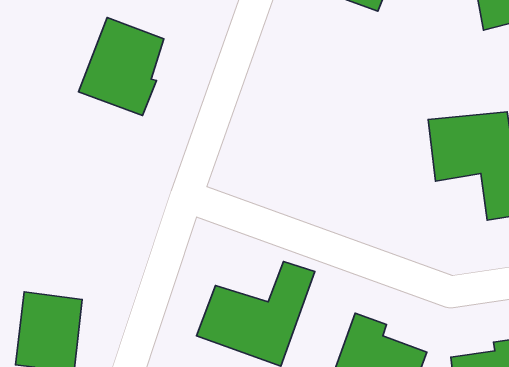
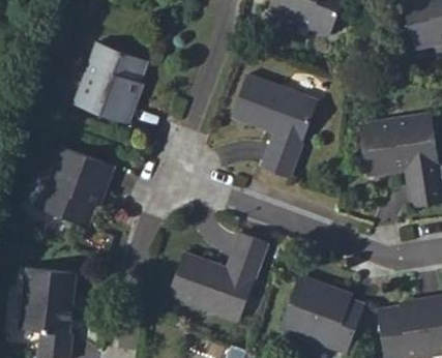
building: none -> [229,73,314,177]
building: none -> [20,147,112,228]

